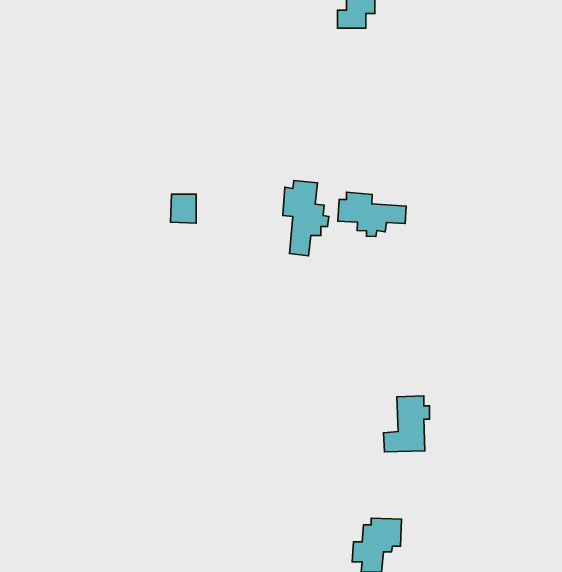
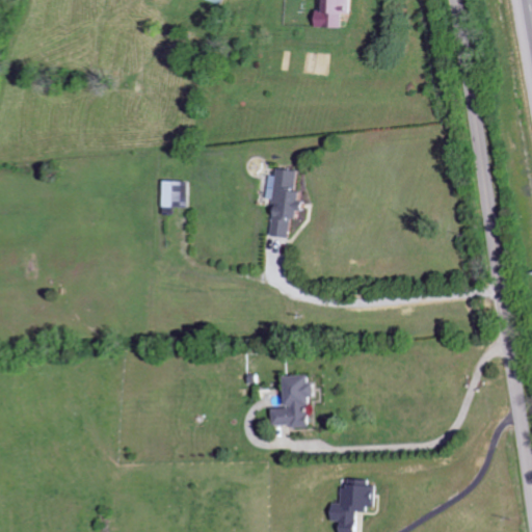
building: [338,192,406,237] -> none
building: [383,396,429,452] -> [269,374,312,426]

